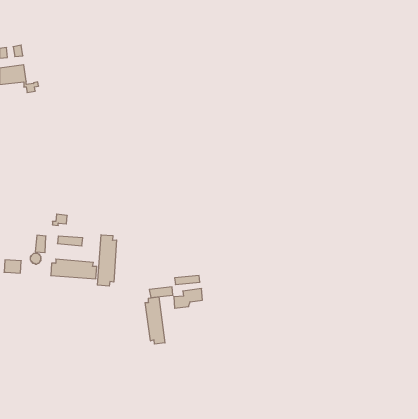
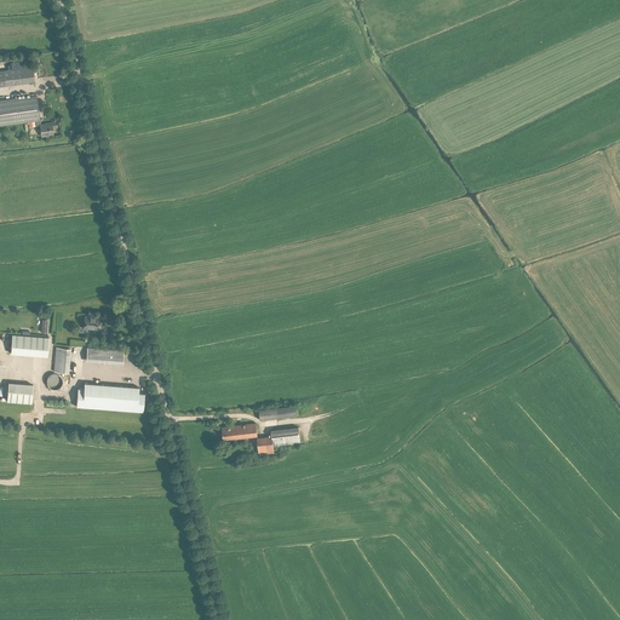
building: none -> [10,335,47,356]
building: [97,235,116,286] -> none
building: [145,297,165,344] -> none

